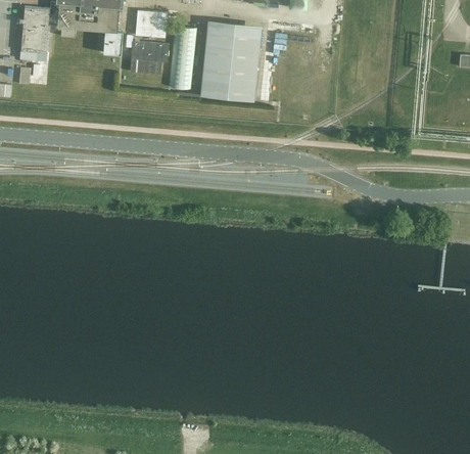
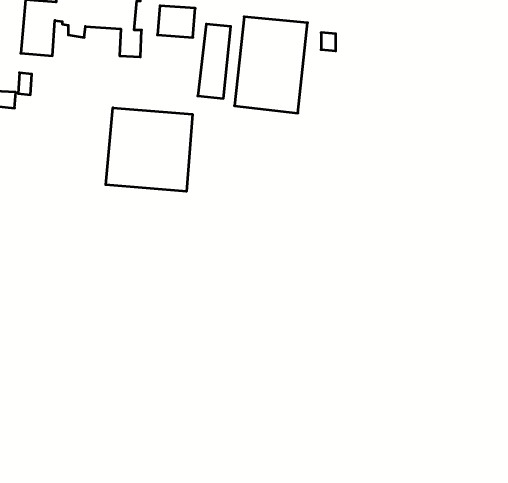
building: [130,42,170,78] -> none
building: none -> [106,108,192,191]

